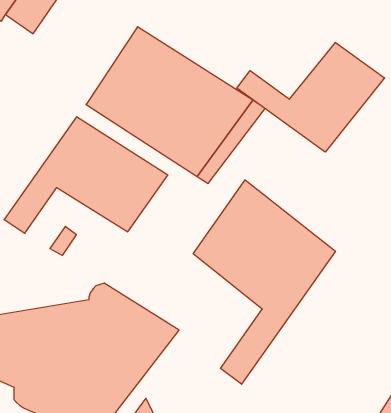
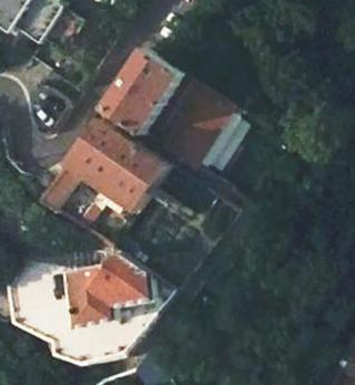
building: [237,42,385,152] -> none
building: [193,180,335,384] -> none

